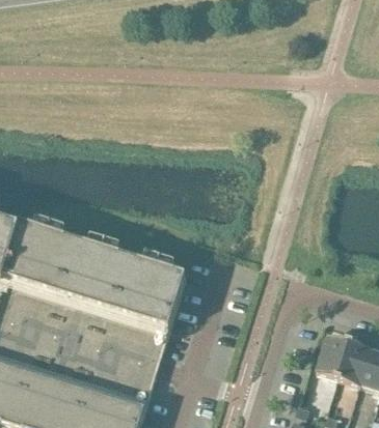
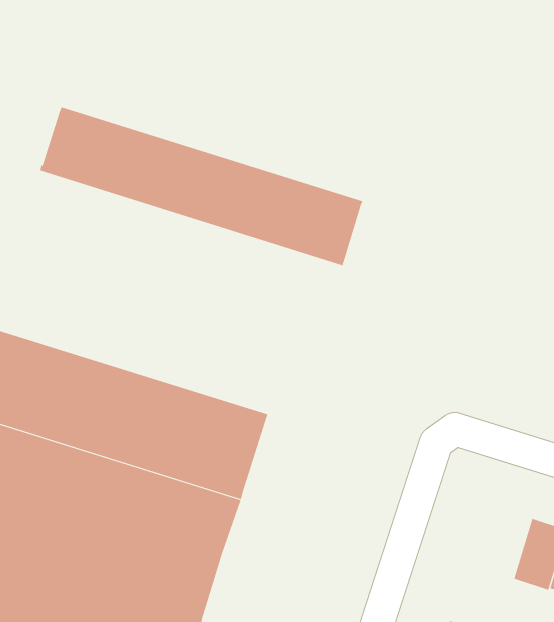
building: none -> [39,107,363,266]
building: [316,332,349,375] -> none

